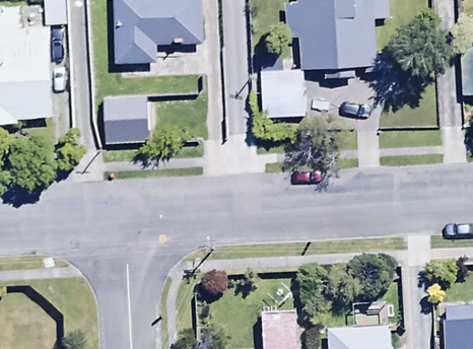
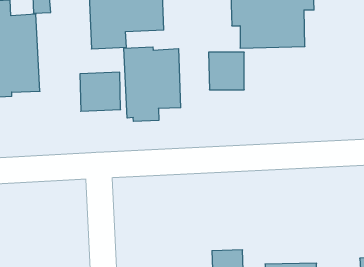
building: none -> [124,47,181,121]

